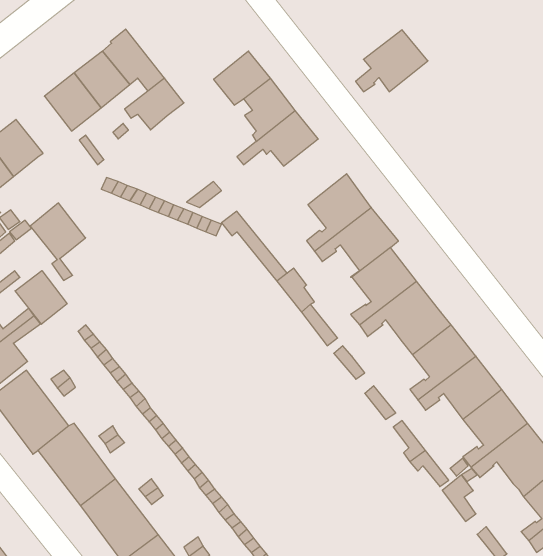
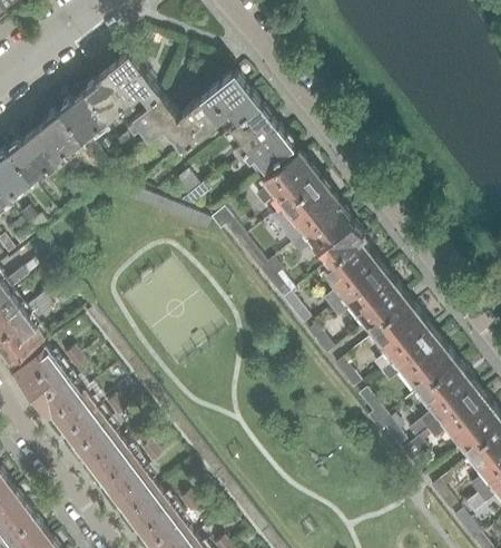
building: [356,30,428,92] -> [256,151,318,205]
building: none -> [164,97,222,150]
building: [30,203,86,280] -> [33,111,81,178]
building: [15,271,67,324] -> none

